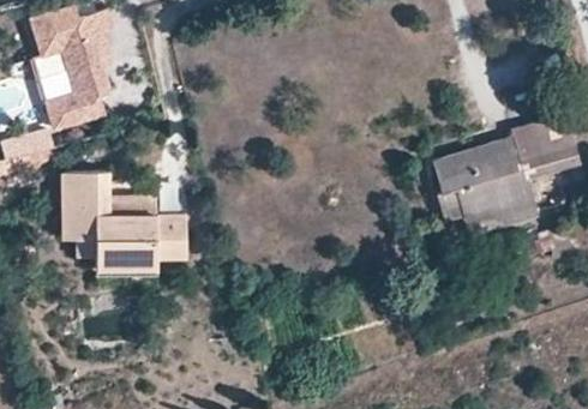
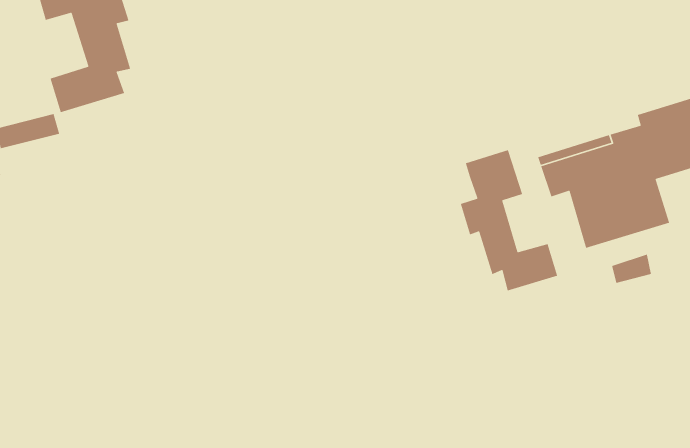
building: none -> [460,149,558,292]
building: [62,167,188,265] -> none

